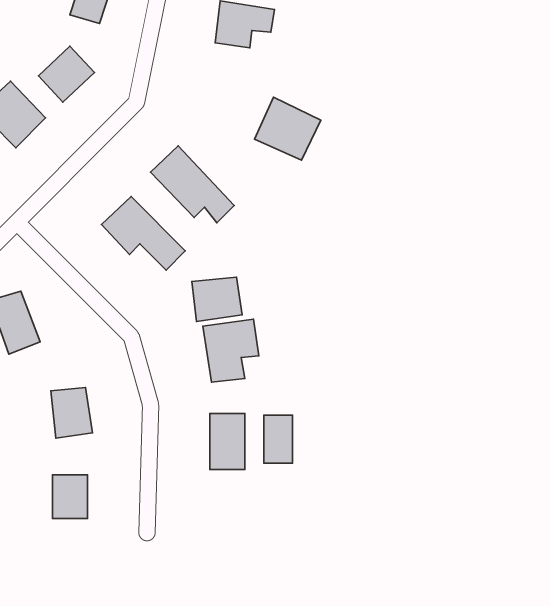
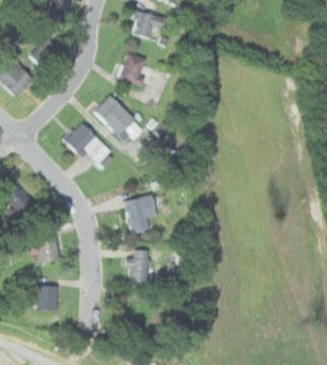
building: [254,97,321,160] -> [117,53,156,89]
building: [192,277,242,322] -> none
building: [264,415,293,463] -> none

